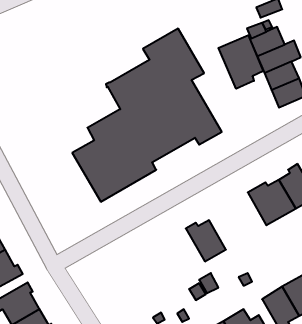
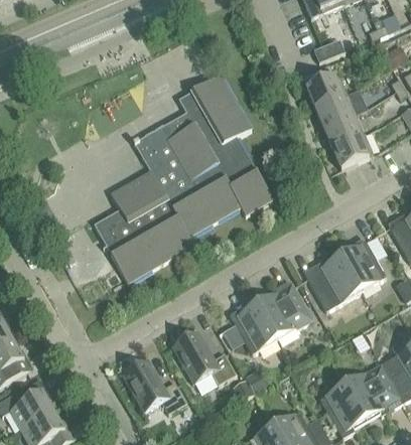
building: [218,35,263,89] -> none
building: none -> [257,280,311,339]
building: none -> [173,331,236,385]
building: none -> [123,360,186,413]

